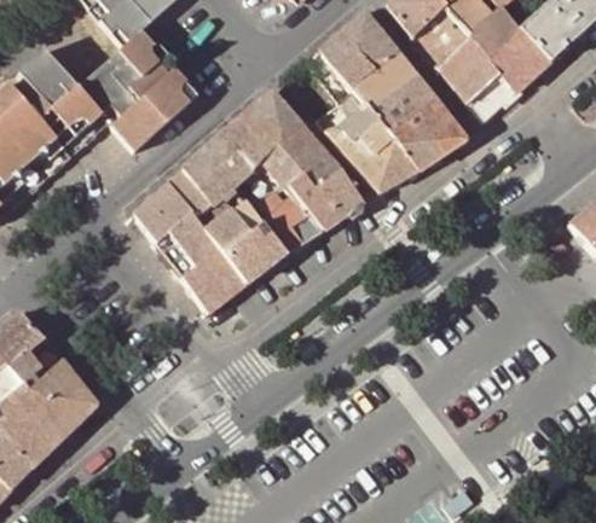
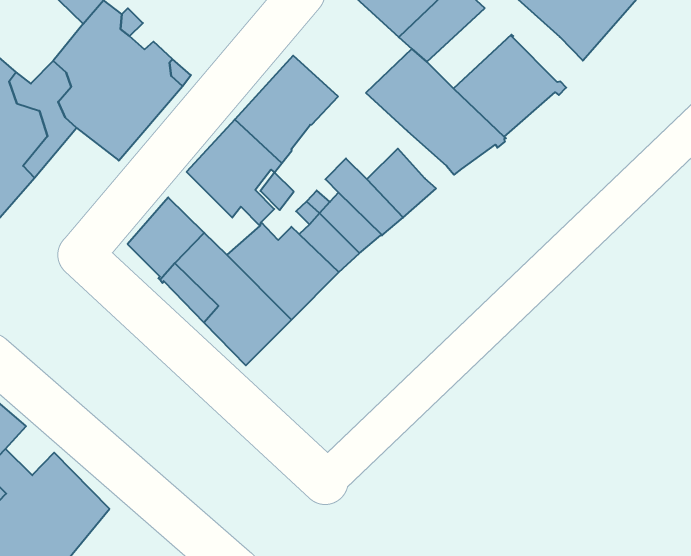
building: [370,74,434,129] -> none
building: [264,124,341,187] -> none
building: [169,165,233,229] -> none

